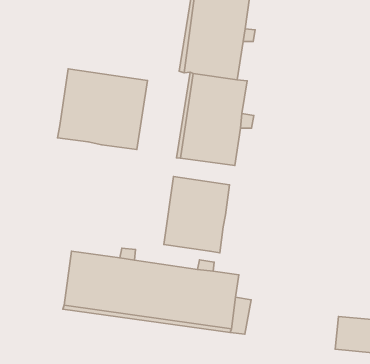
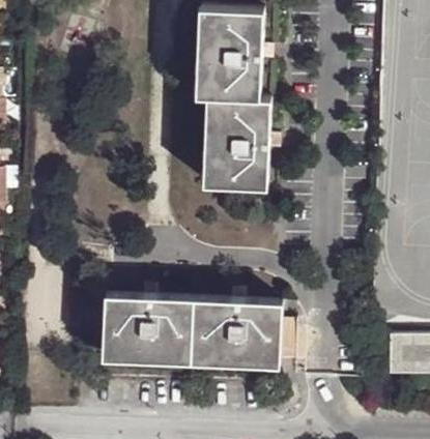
building: [58,69,147,150] -> none
building: [164,176,229,253] -> none

